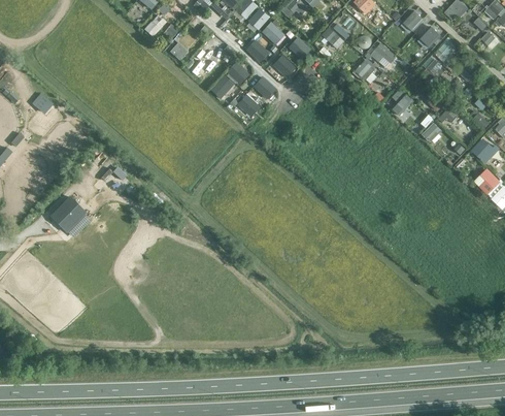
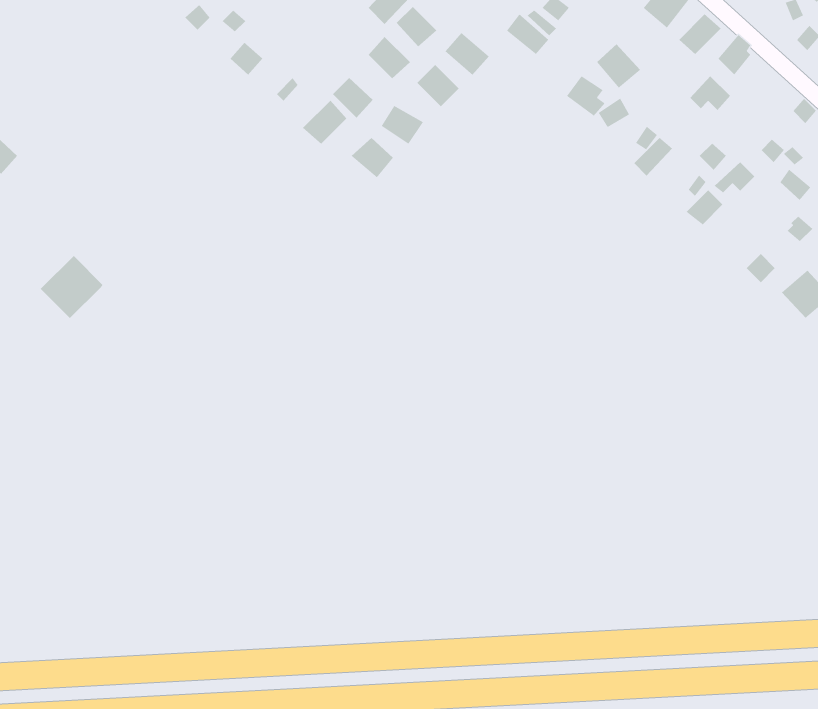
building: [49,197,85,232] -> [40,255,104,319]

